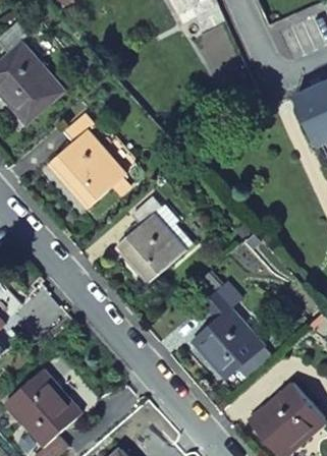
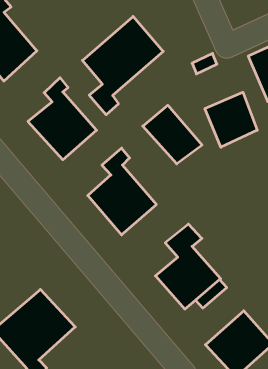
building: none -> [82,16,163,115]
building: none -> [205,92,257,147]
building: none -> [143,105,202,164]

